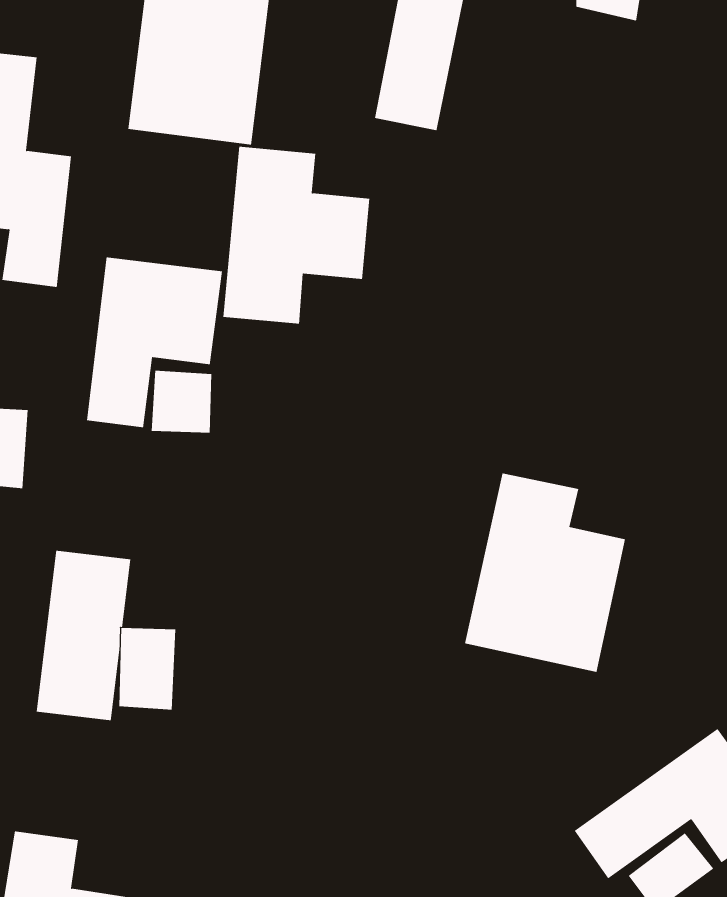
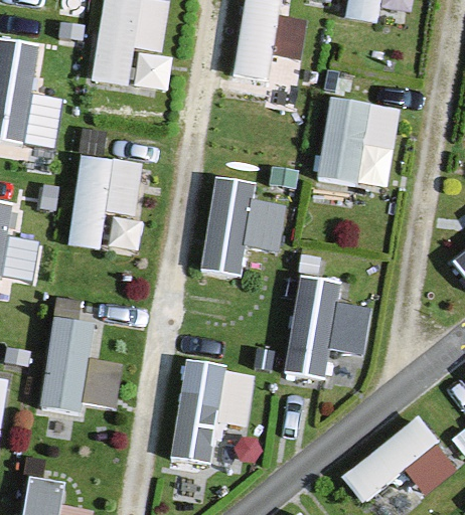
building: [222,146,370,324] -> [202,176,285,276]
building: none -> [318,97,400,185]
building: none -> [173,363,253,461]

